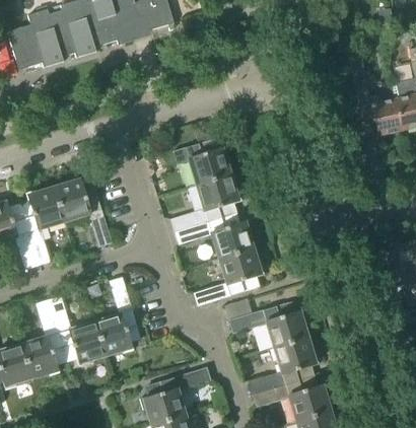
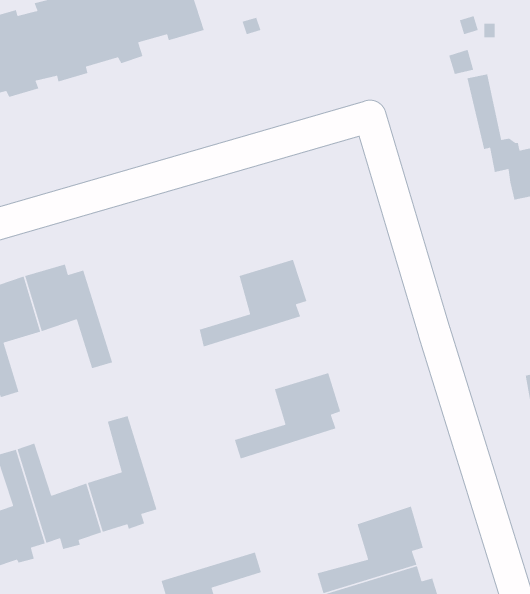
building: [171,138,231,185] -> none
building: [171,212,255,260] -> none
building: [227,301,309,349] -> none

